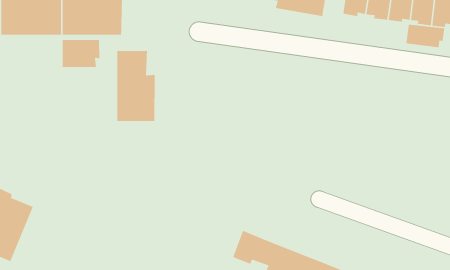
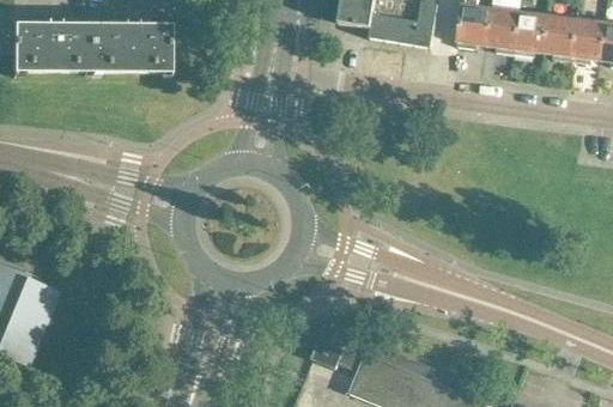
building: [406,24,445,48] -> none
building: [62,39,100,68] -> none
building: [117,50,156,122] -> none

